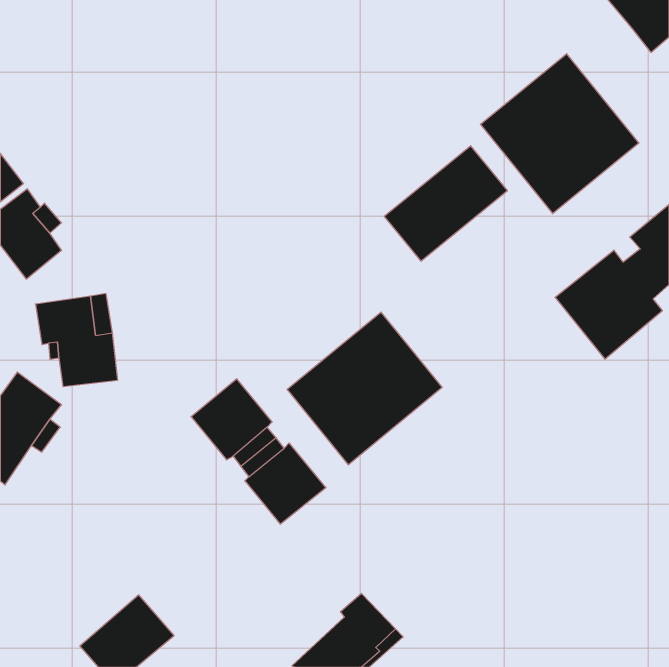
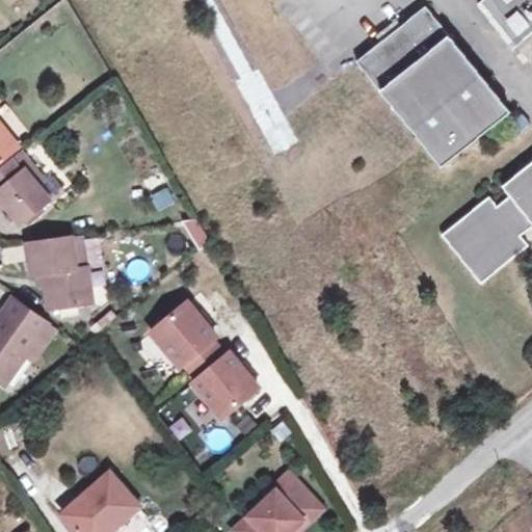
building: [384,146,507,261] -> [352,7,450,99]
building: [287,312,442,465] -> none

